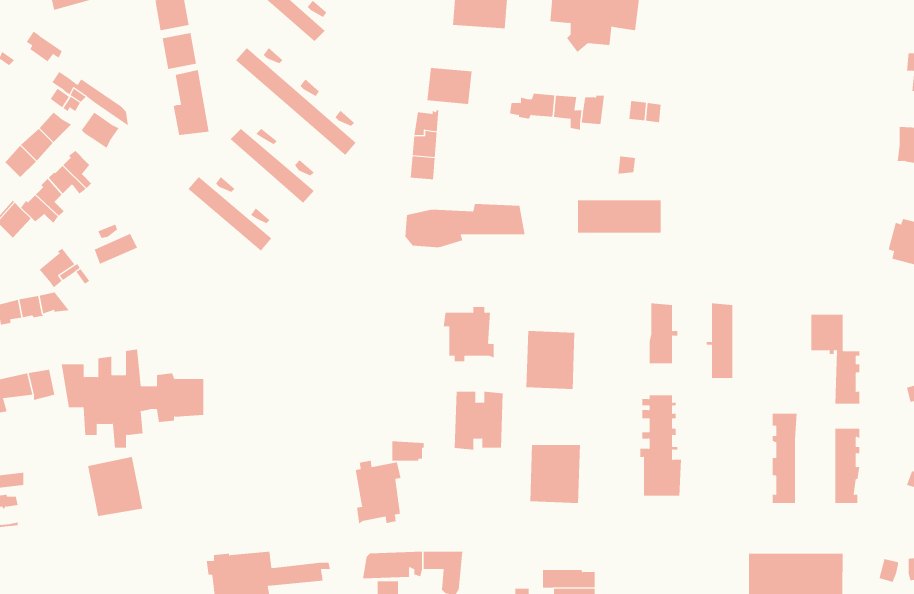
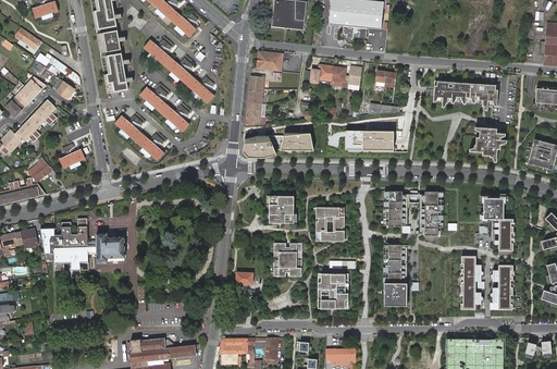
building: none -> [432,79,496,108]
building: none -> [468,126,506,162]
building: [87,456,143,517] -> none
building: [355,460,401,525] -> none

